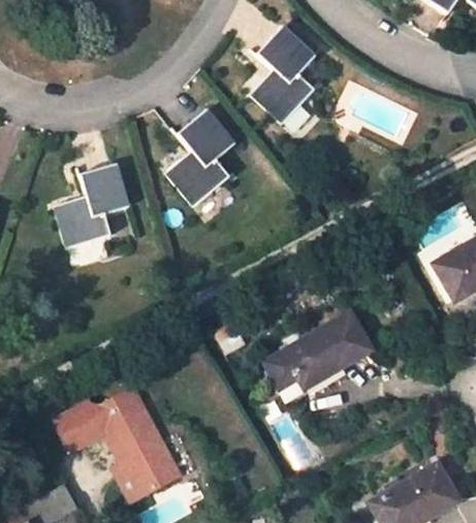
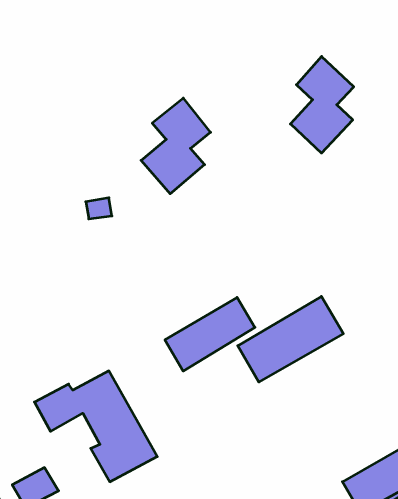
building: [250,24,315,123] -> [290,56,354,153]
building: [53,162,129,248] -> none
building: none -> [165,297,255,371]

